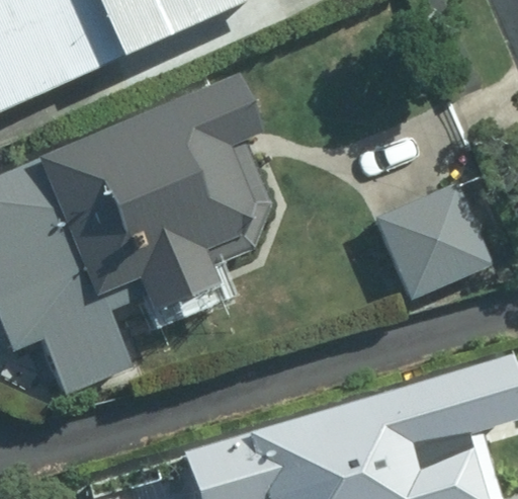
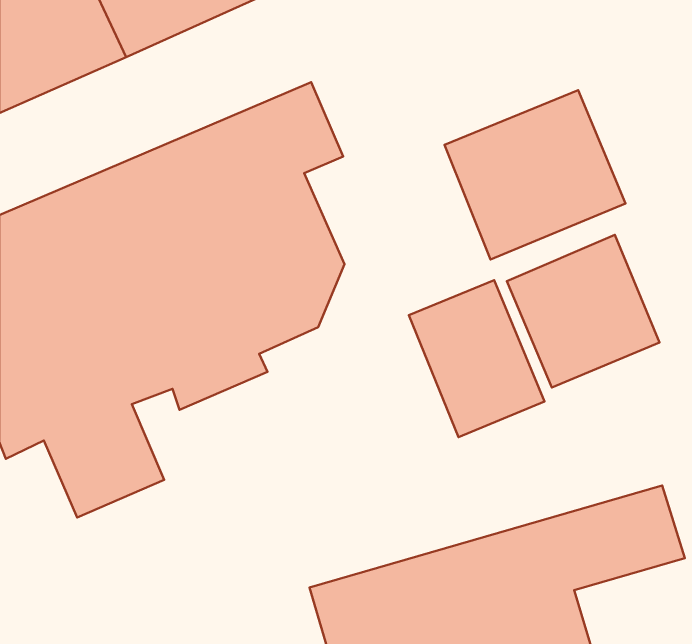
building: none -> [444,90,625,260]
building: none -> [409,280,545,437]

